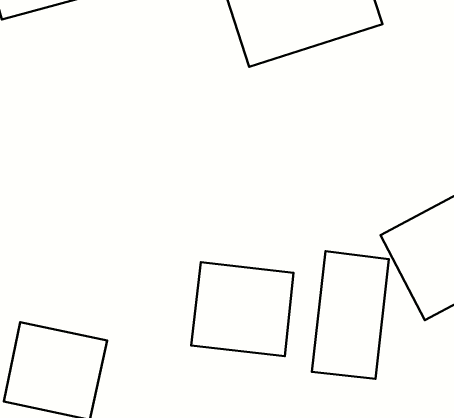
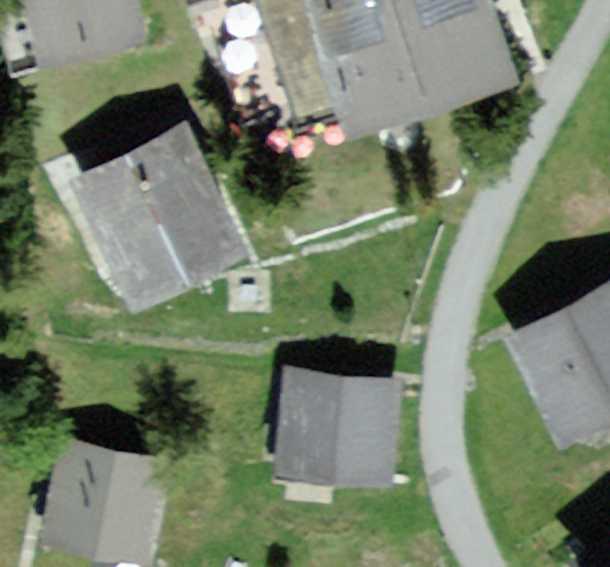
building: none -> [70,126,248,307]
building: [312,251,389,379] -> none

